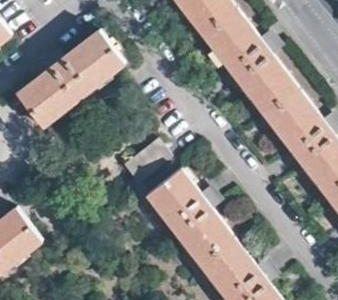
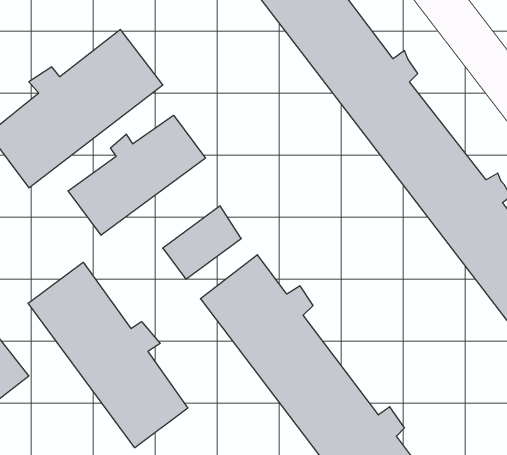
building: none -> [68,115,206,235]
building: none -> [28,262,188,448]

